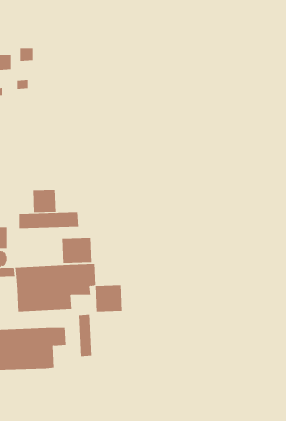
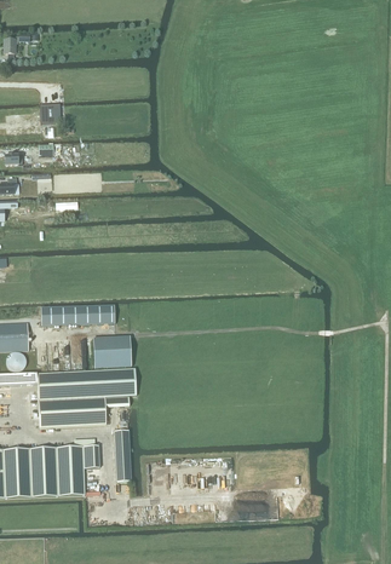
building: [33,189,56,213] -> none
building: [95,284,122,313] -> none

